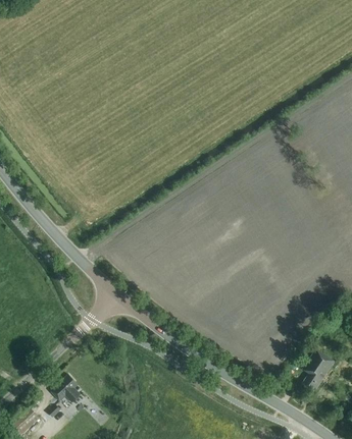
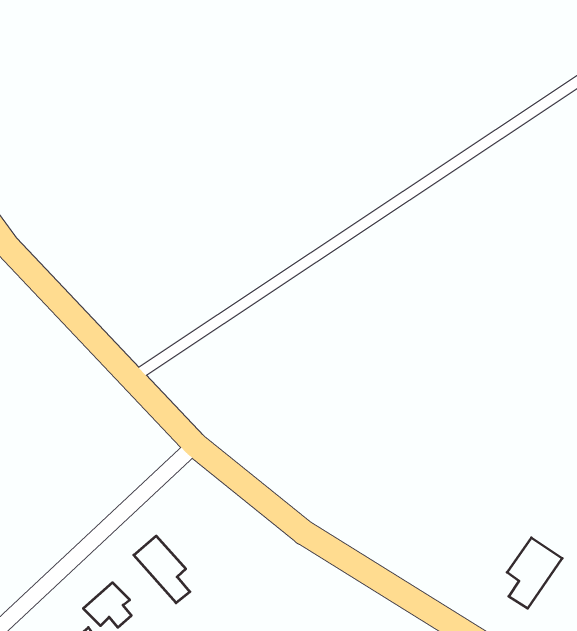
building: none -> [134,536,190,603]

